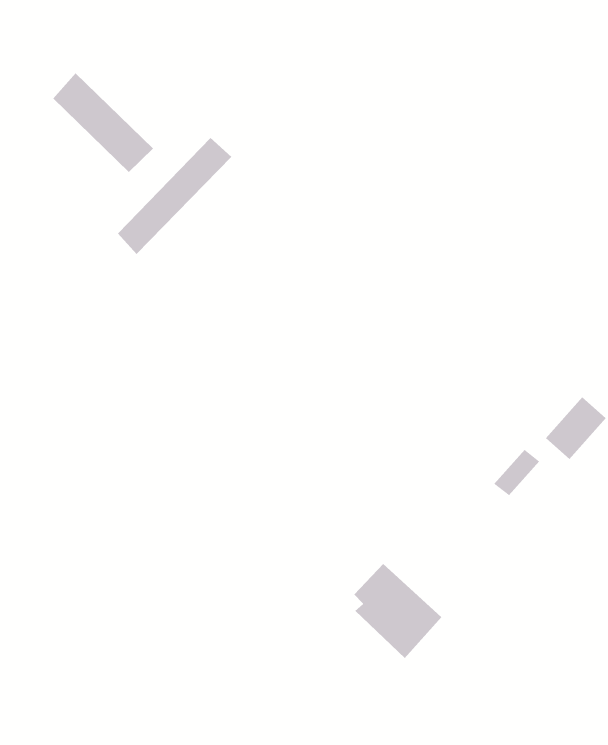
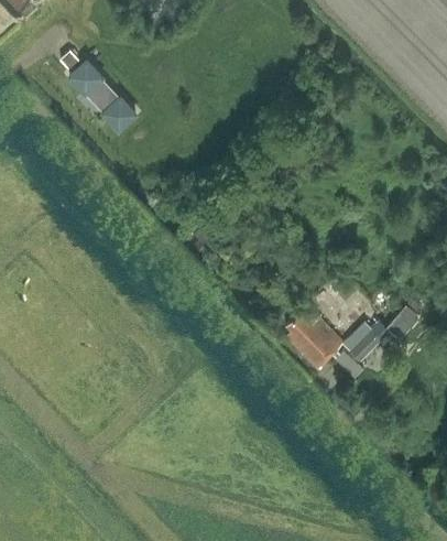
building: [117,137,232,255] -> none
building: [354,563,442,659] -> [284,304,342,369]

